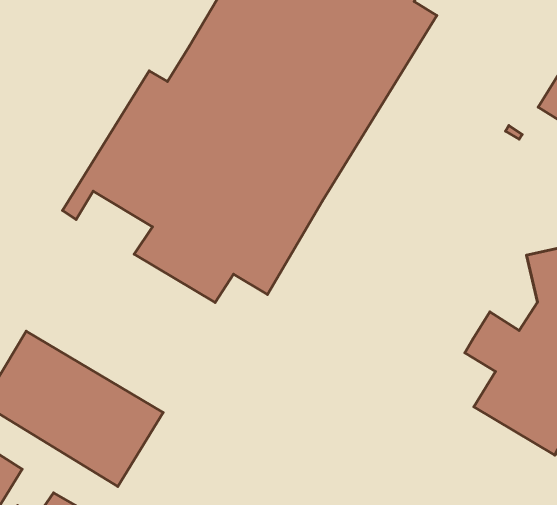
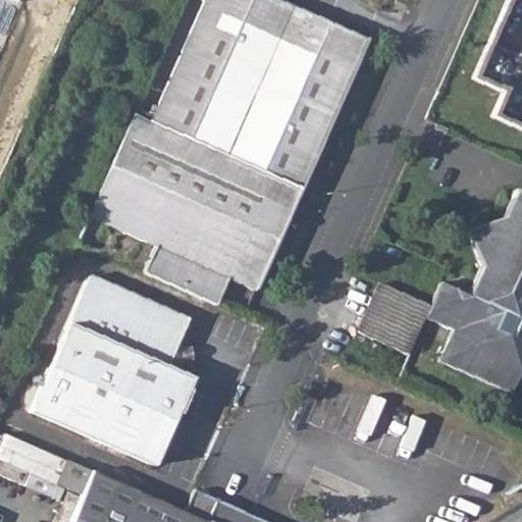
building: none -> [61,274,194,399]
building: none -> [364,282,433,354]

